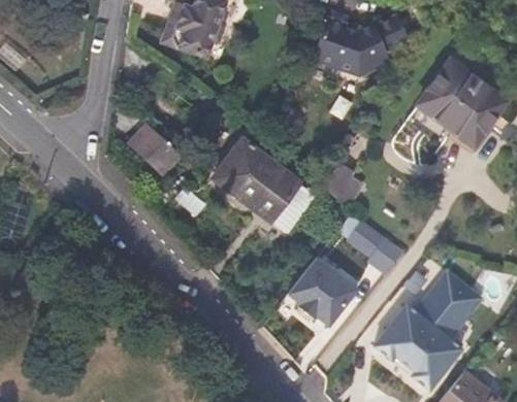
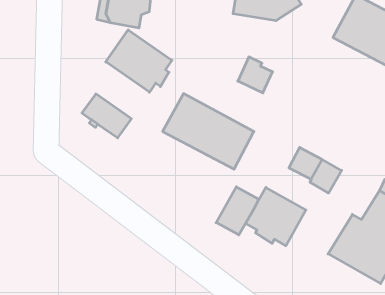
building: none -> [106,30,172,92]
building: [321,163,361,205] -> [238,57,273,93]
building: none -> [216,187,259,235]

